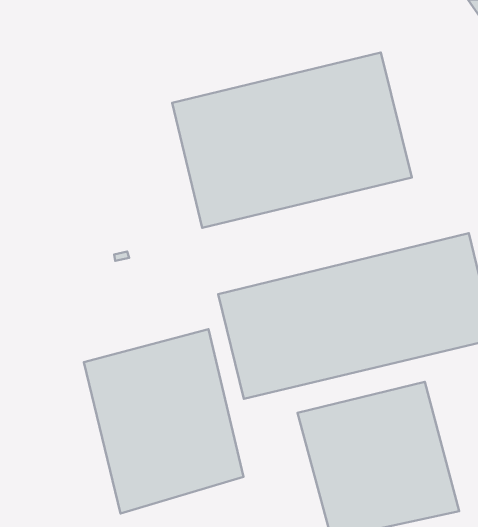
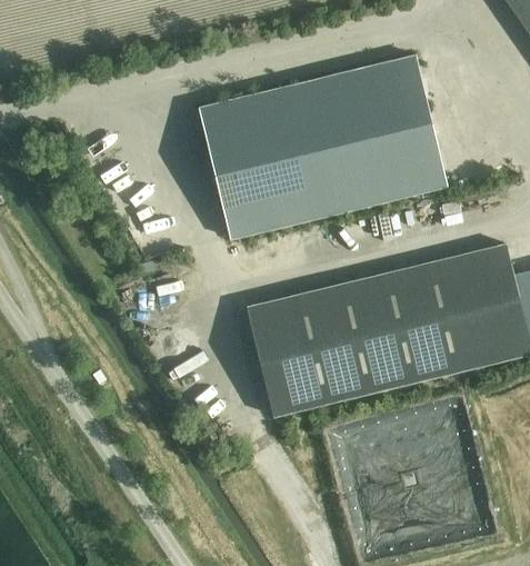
building: [84,329,243,513] -> none

